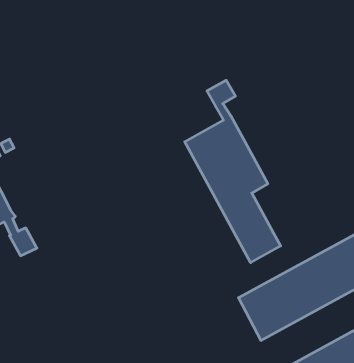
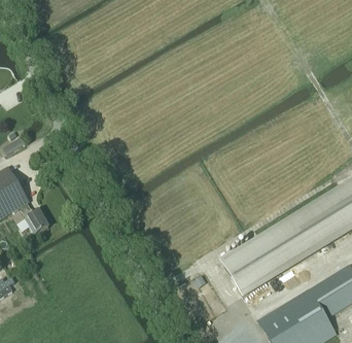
building: [185,80,281,263] -> none

